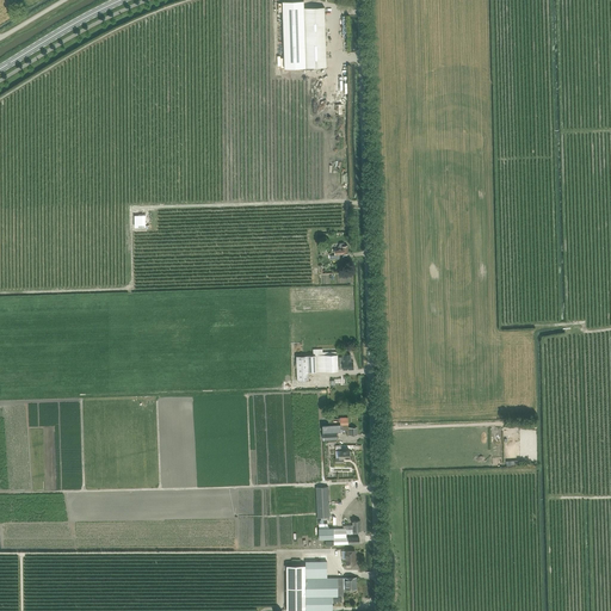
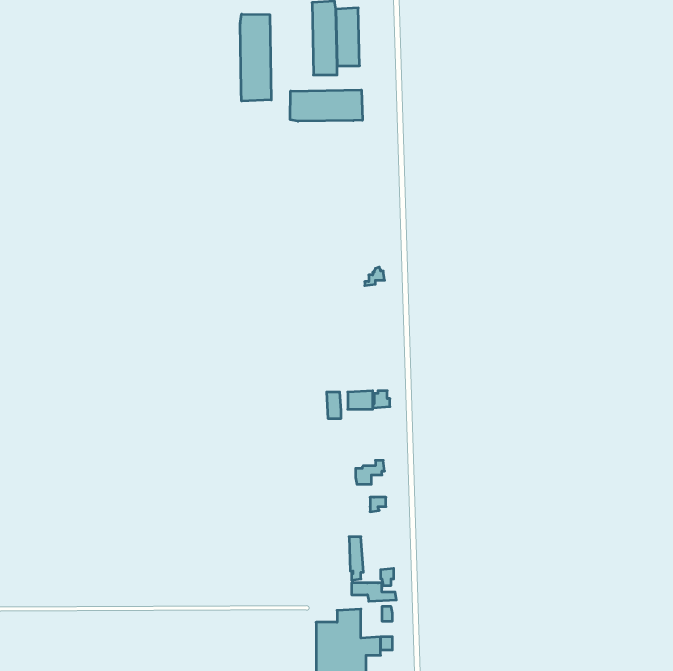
building: none -> [240,14,271,101]
building: none -> [290,90,362,121]

